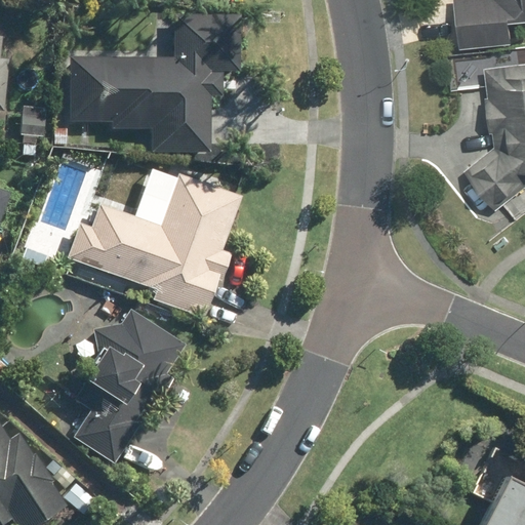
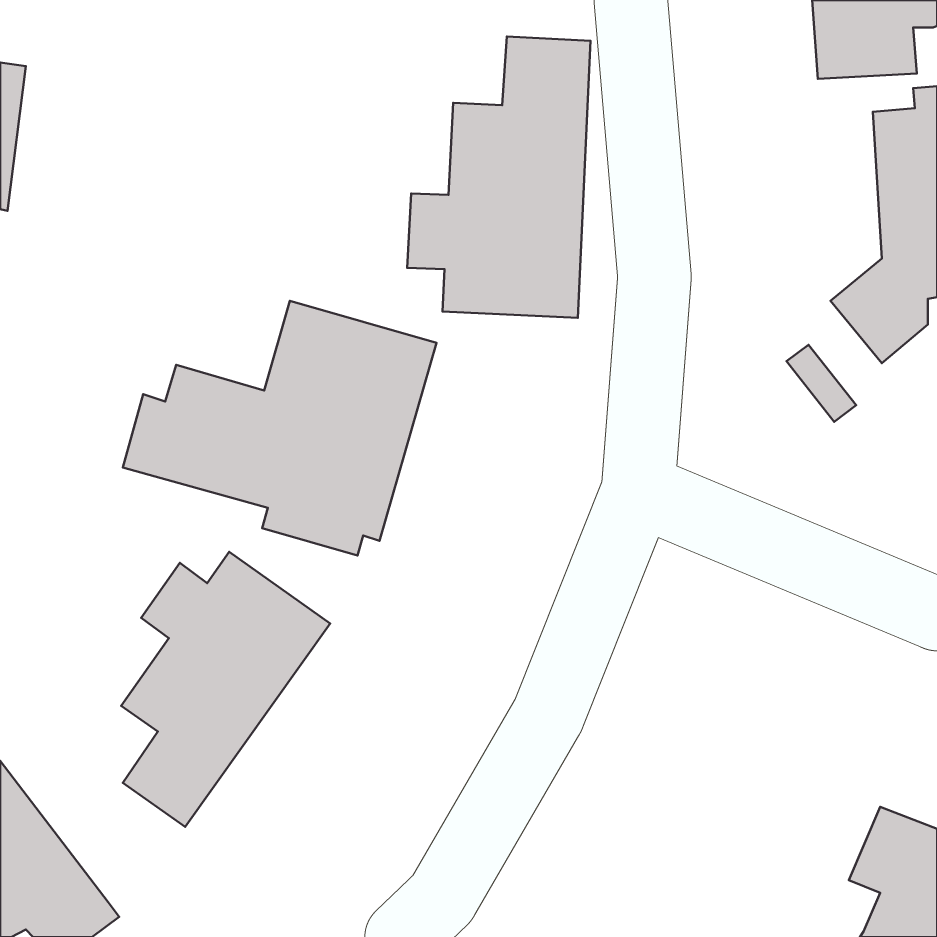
building: none -> [407,37,590,318]
building: [60,28,228,155] -> none

